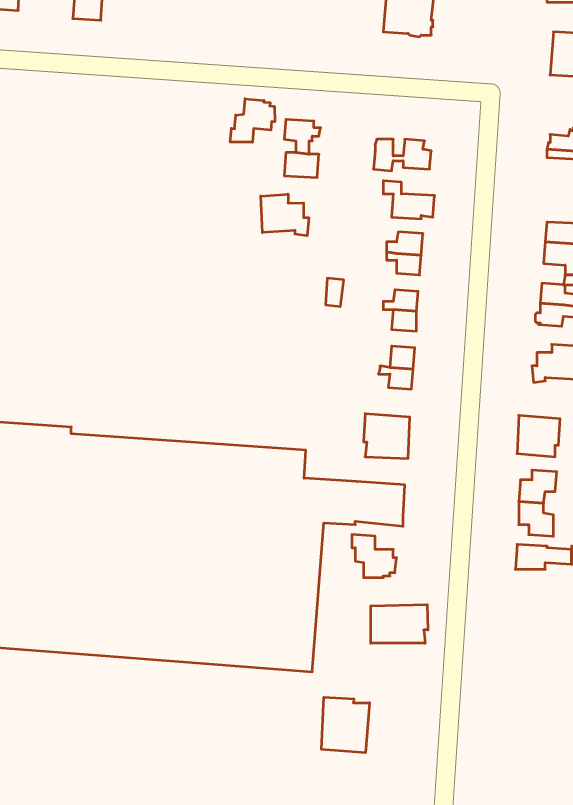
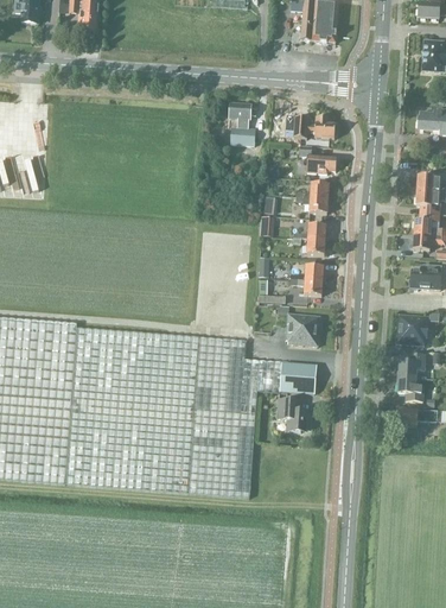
building: [230,99,275,142] -> none
building: [261,194,309,236] -> none
building: [371,605,428,643] -> none
building: [322,697,369,753] -> none

